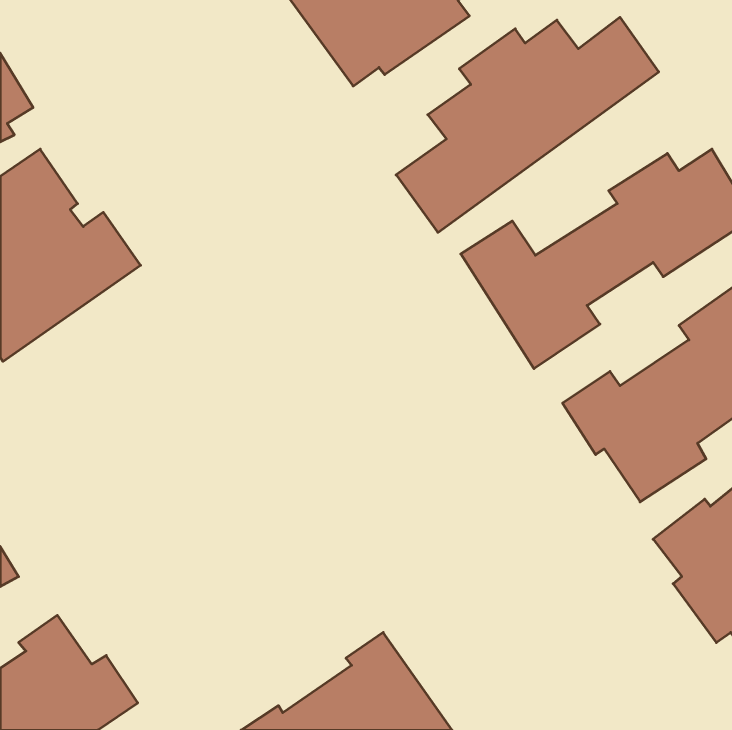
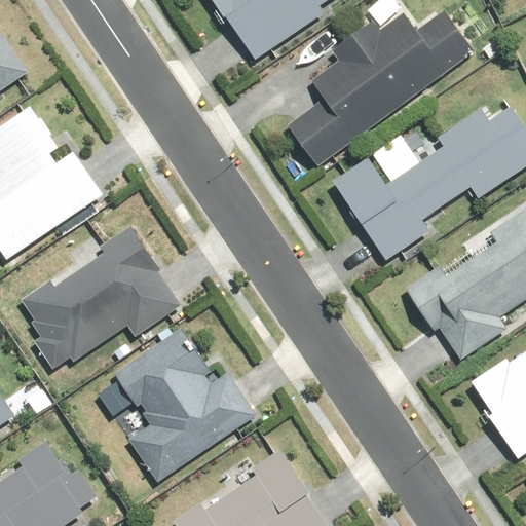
building: none -> [22,225,185,371]
building: none -> [109,328,259,481]

